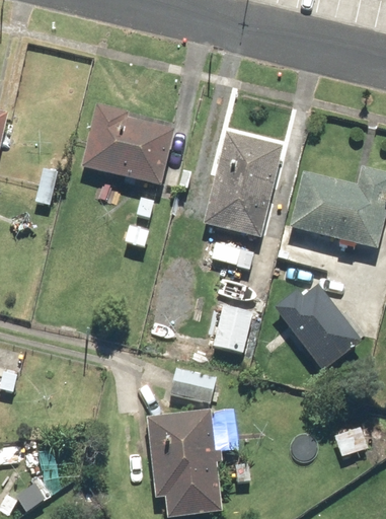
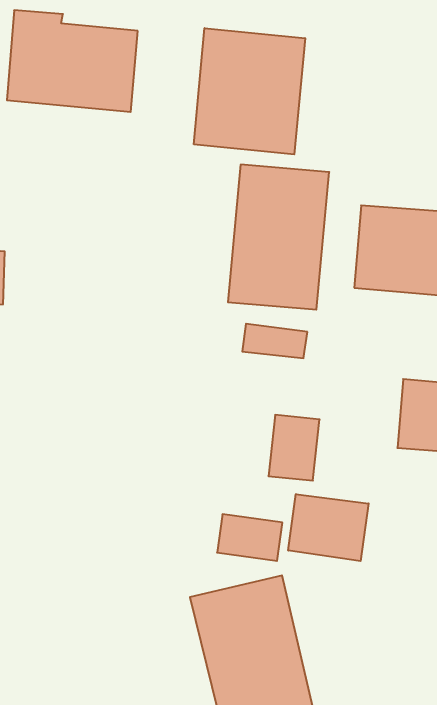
building: none -> [194,28,305,154]
building: [78,104,172,183] -> [7,10,138,112]
building: none -> [288,494,369,561]

